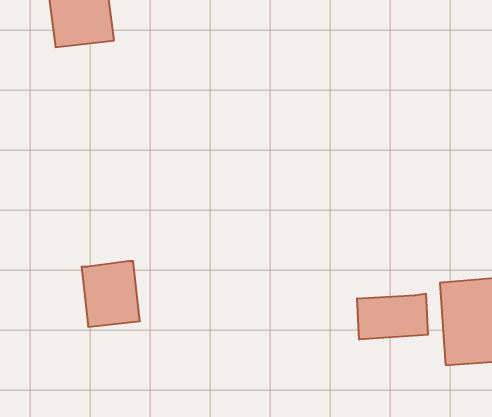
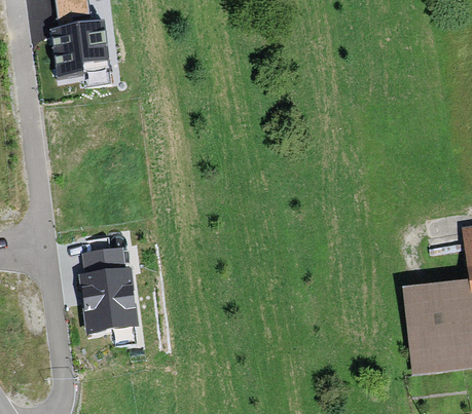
building: none -> [84,250,124,276]
building: [357,294,428,340] -> none

